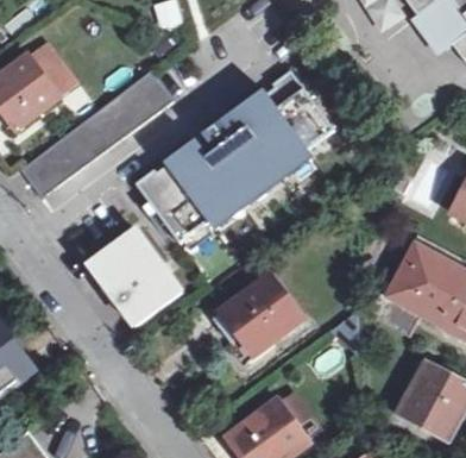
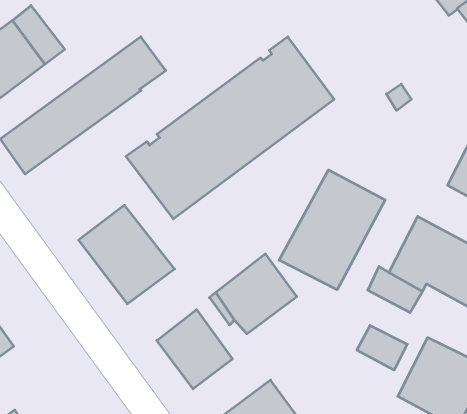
building: none -> [279,170,385,290]
building: none -> [157,310,232,389]
building: none -> [357,325,407,370]

